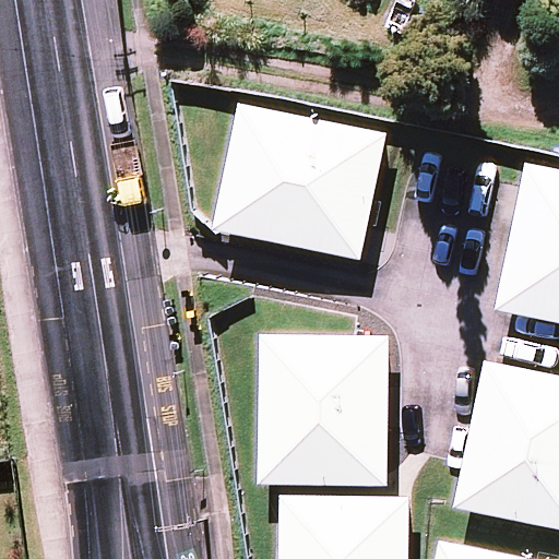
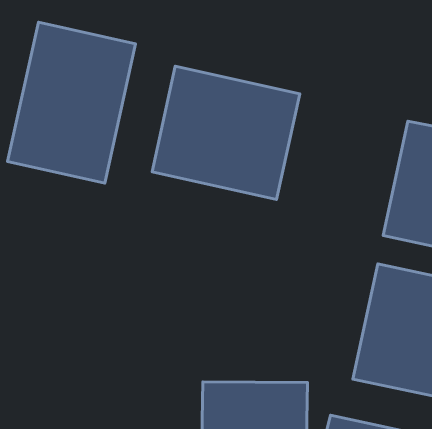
building: none -> [8,22,135,183]
building: [252,333,388,487] -> none

